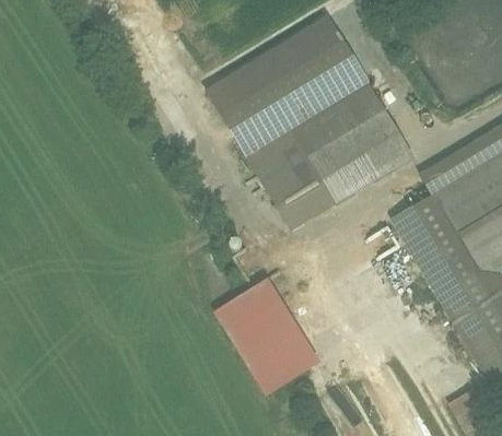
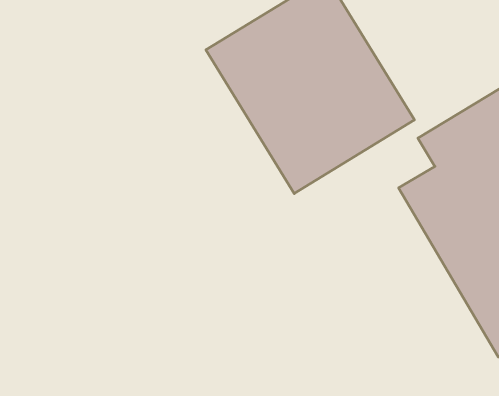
building: [218,283,317,394] -> none

